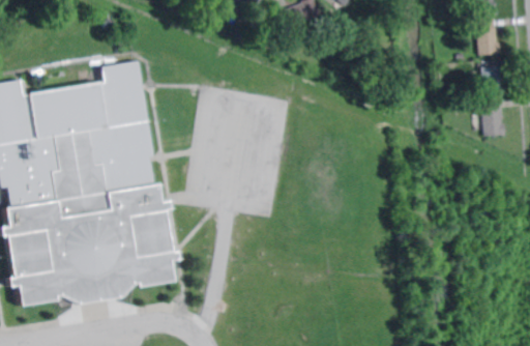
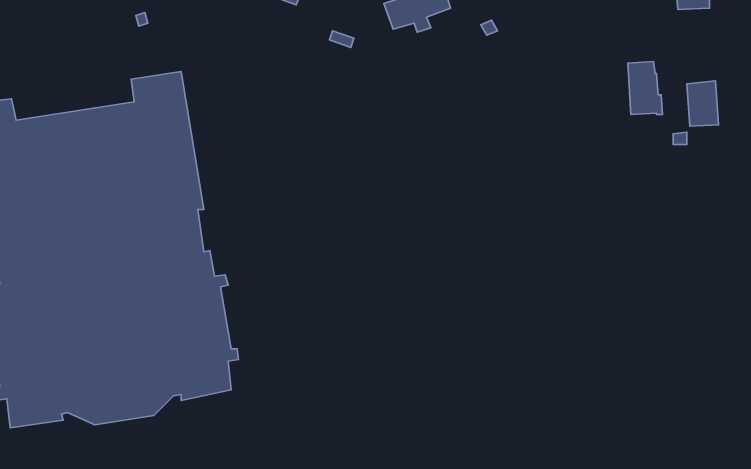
building: [475,20,499,56] -> [628,62,663,115]
building: [482,108,506,136] -> none

